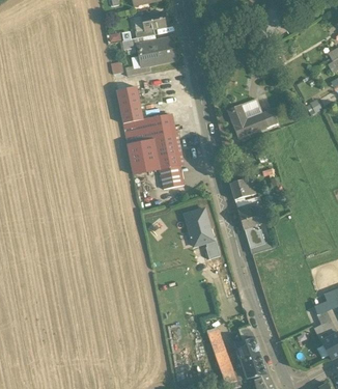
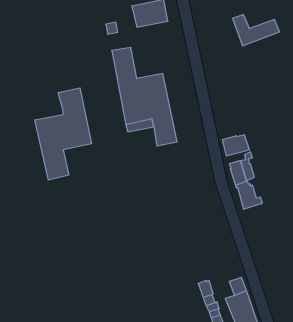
building: [228,105,277,137] -> [232,15,280,46]
building: none -> [35,88,91,180]
building: [185,207,220,258] -> none

